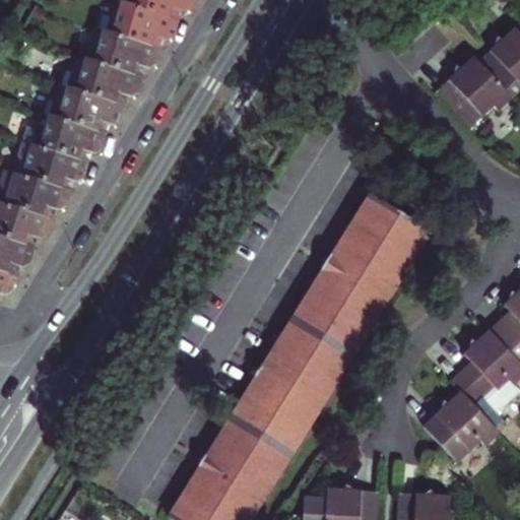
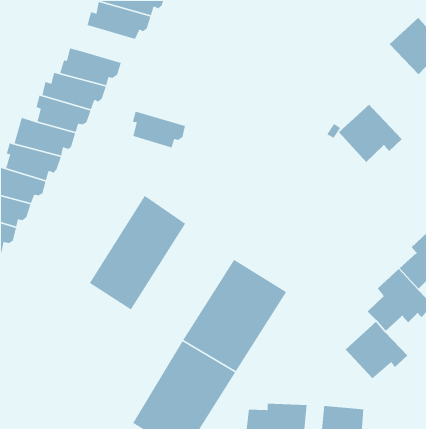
building: [106,34,171,79] -> [132,110,186,148]
building: [433,52,510,123] -> [338,103,403,163]
building: [288,190,430,354] -> none
building: none -> [89,195,186,311]

